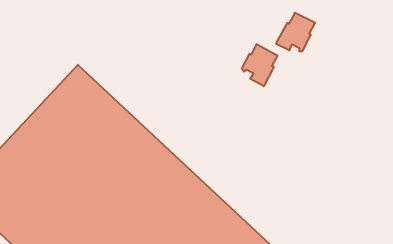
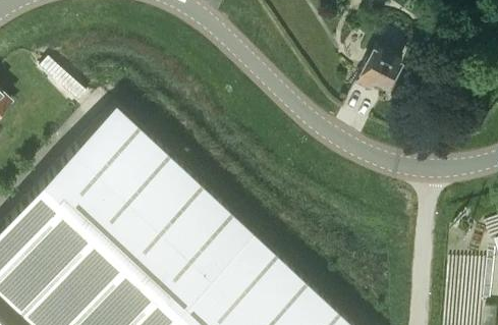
building: [242,44,277,86] -> none

